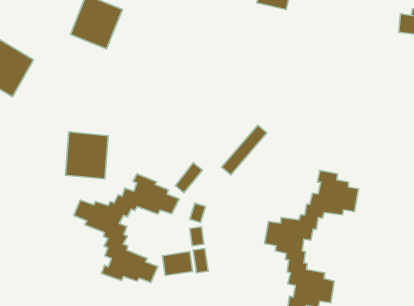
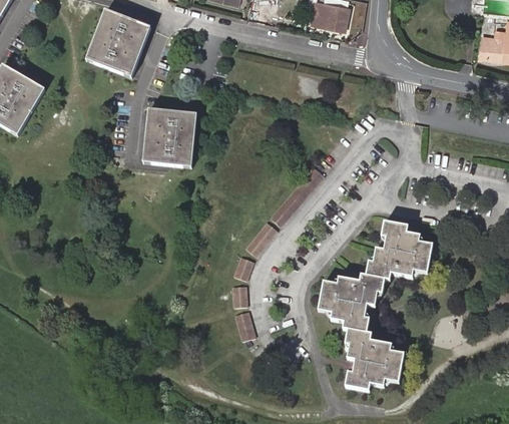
building: [65,132,108,179] -> [144,109,195,165]
building: [176,163,202,193] -> [241,224,274,260]
building: [74,174,179,283] -> none
building: [162,252,193,275] -> none

